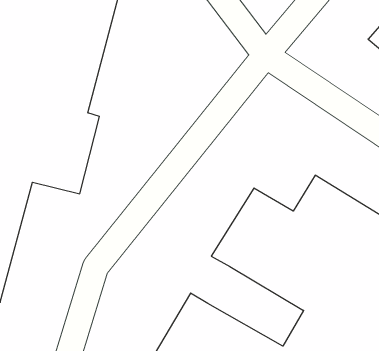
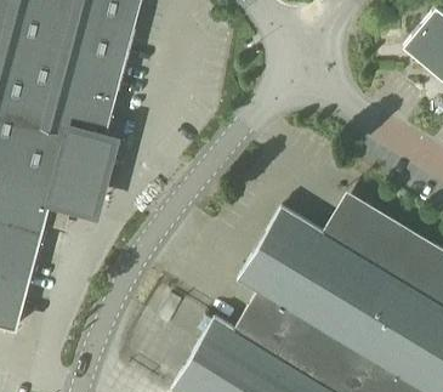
building: none -> [233,290,334,374]

